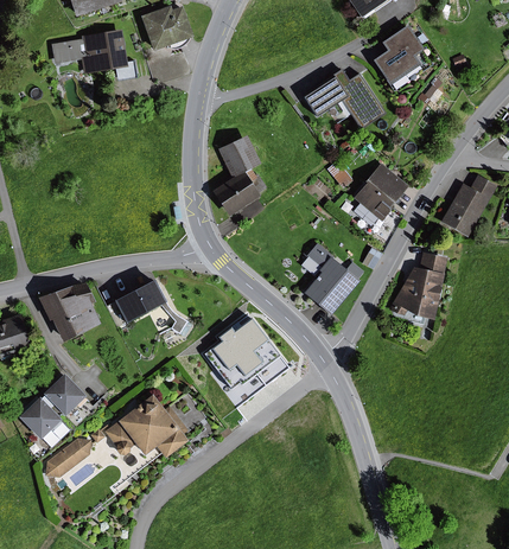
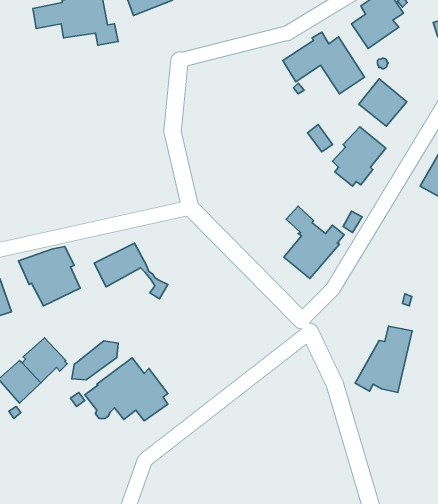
building: none -> [359,79,407,126]
building: [212,135,267,215] -> none
building: [389,253,446,319] -> [355,326,412,392]
building: [205,318,281,389] -> none
building: [45,438,91,477] -> [72,341,118,380]

